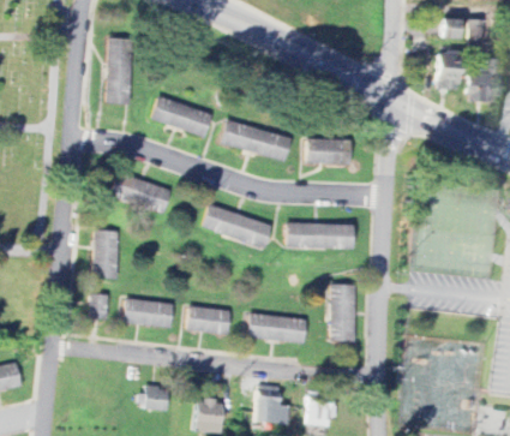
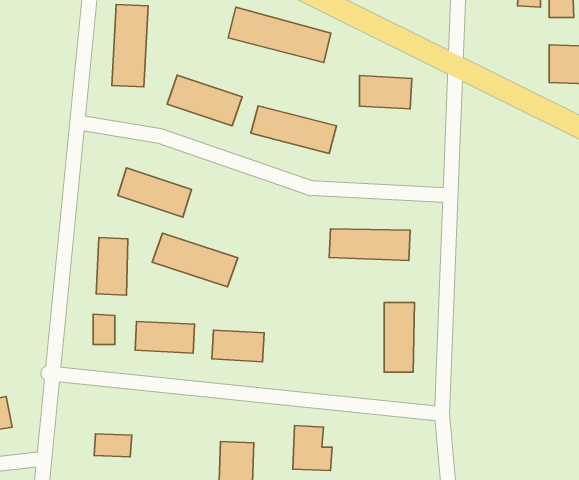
building: none -> [228,7,331,63]
building: [436,53,460,90] -> none
building: [306,138,349,166] -> [360,76,412,109]
building: [200,204,271,249] -> [152,233,238,287]
building: [247,313,307,345] -> none
building: [136,390,167,410] -> [94,434,132,457]
building: [305,394,332,426] -> none

